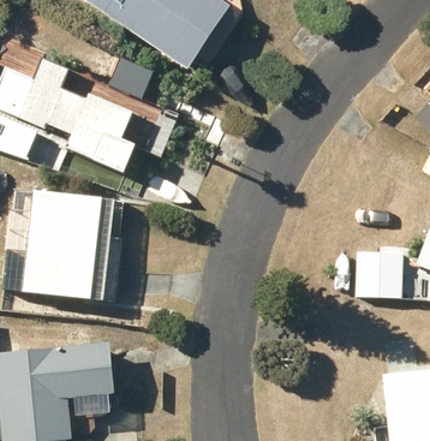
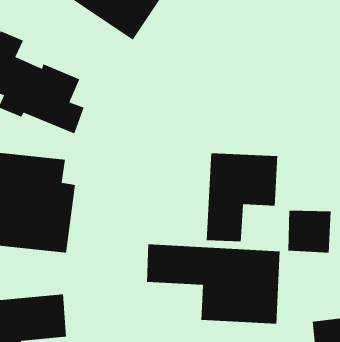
building: none -> [206,153,278,242]
building: none -> [146,244,280,325]

